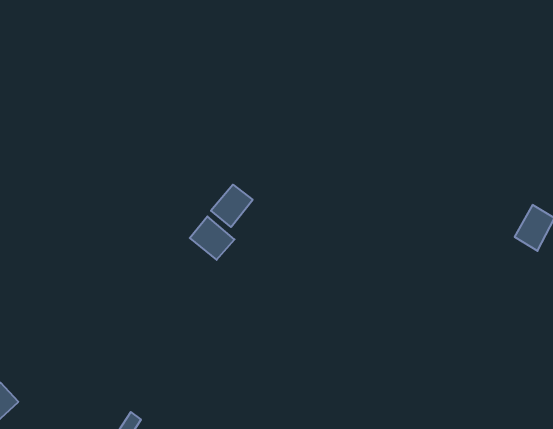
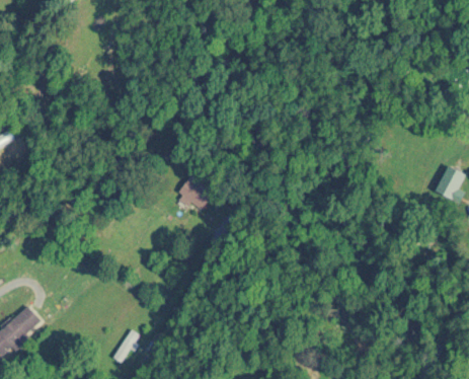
building: [211,185,253,227] -> none

